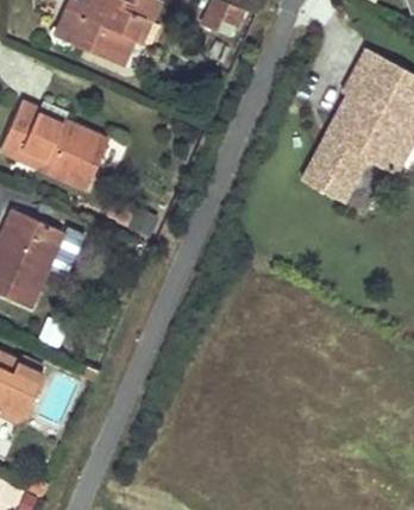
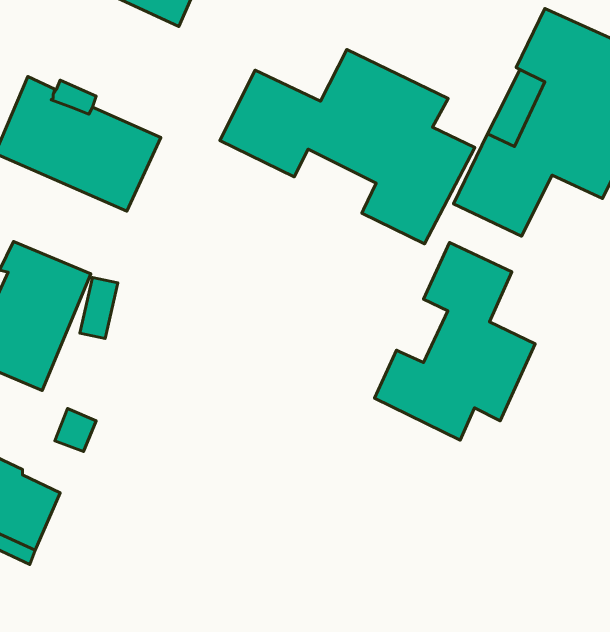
building: none -> [220,50,475,244]
building: none -> [375,242,535,440]

